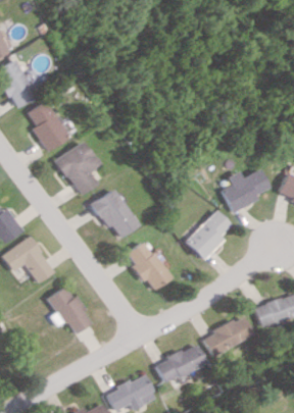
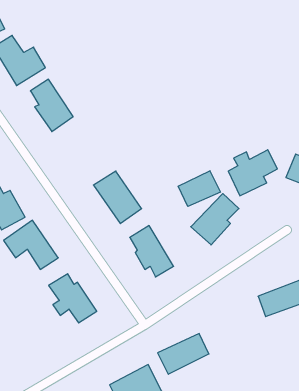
building: [60,142,104,196] -> none
building: none -> [178,171,220,206]
building: [199,315,249,357] -> none

